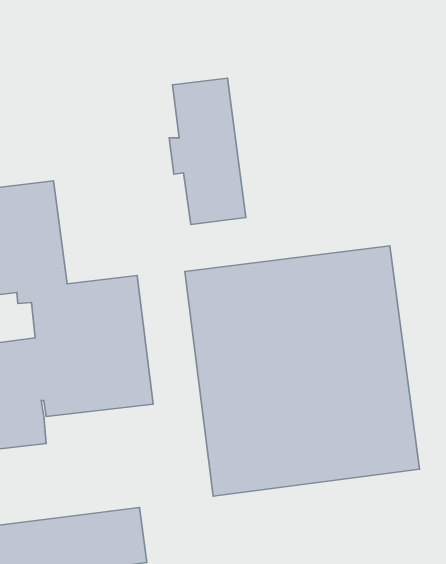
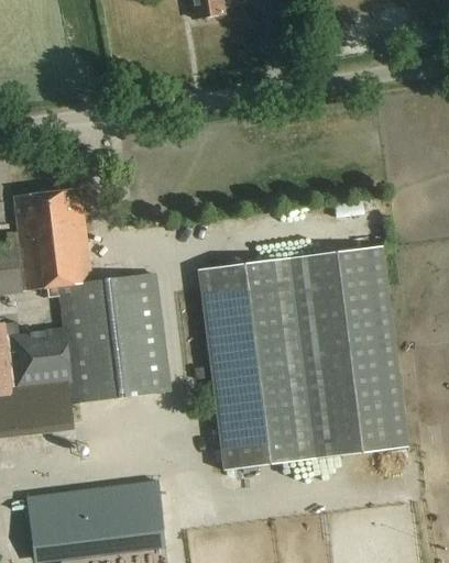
building: [169,78,246,224] -> none

